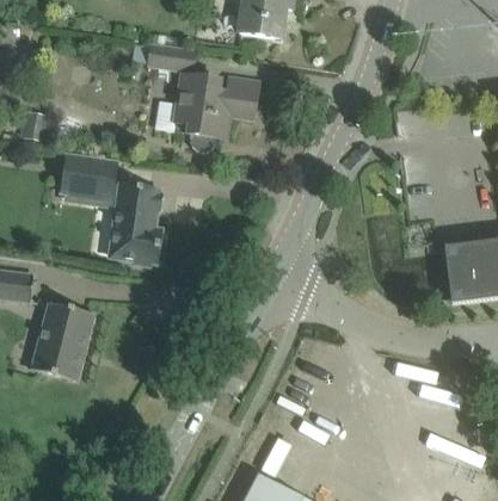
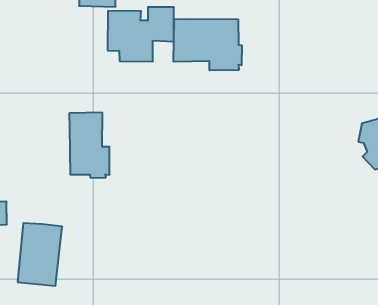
building: none -> [174,19,242,70]
building: [60,153,121,202] -> none

